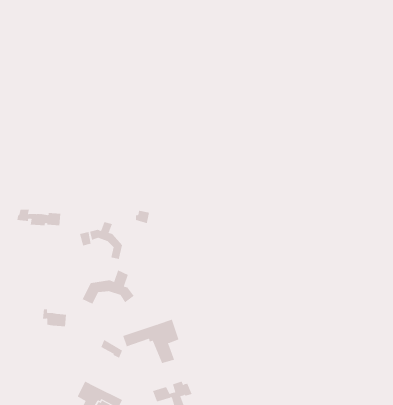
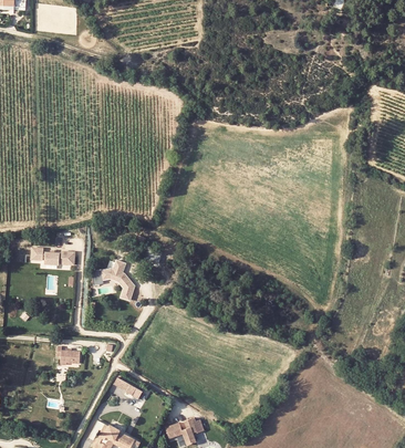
building: [82,270,135,305] -> none
building: [123,319,179,364] -> none

